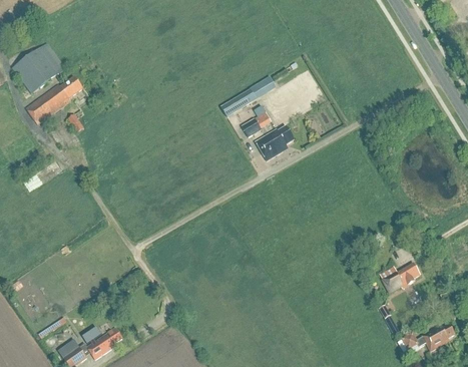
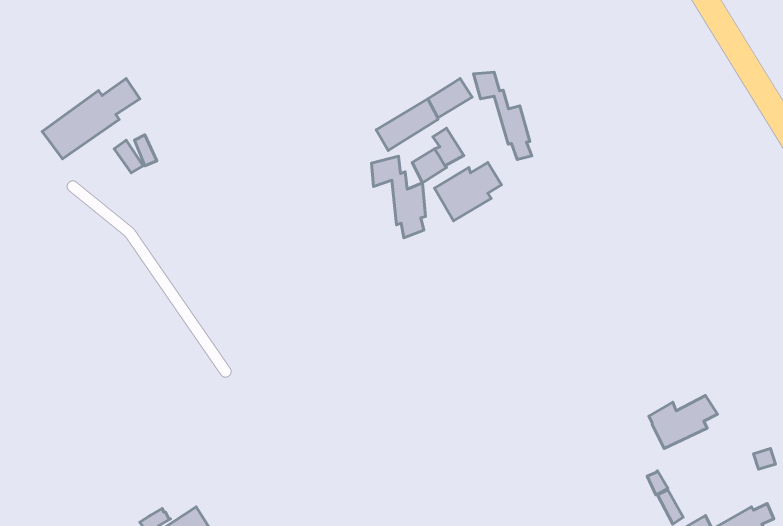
building: [12,41,66,92] -> none
building: none -> [474,72,532,160]
building: none -> [371,156,425,238]

